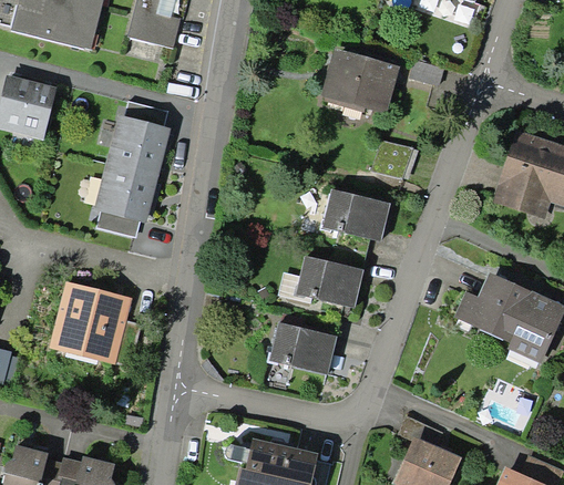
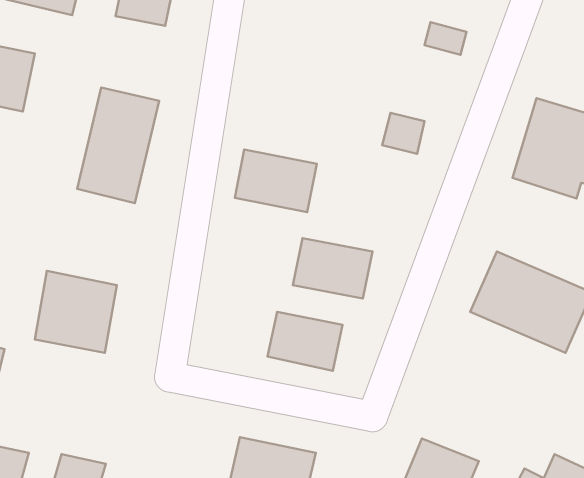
building: [319,45,399,113] -> none
building: [319,187,394,245] -> [235,149,317,212]

